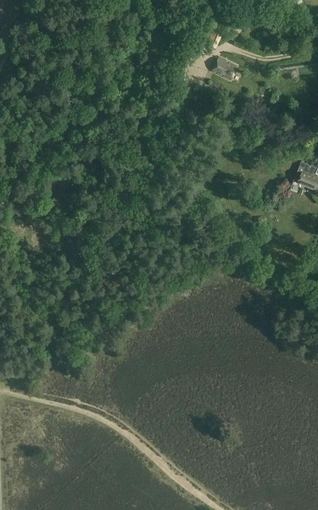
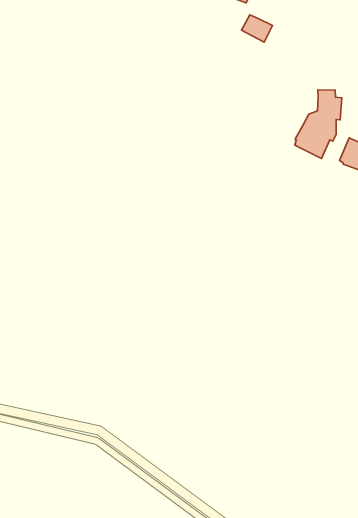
building: none -> [295,90,342,158]

